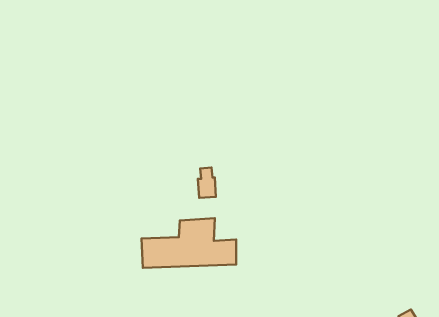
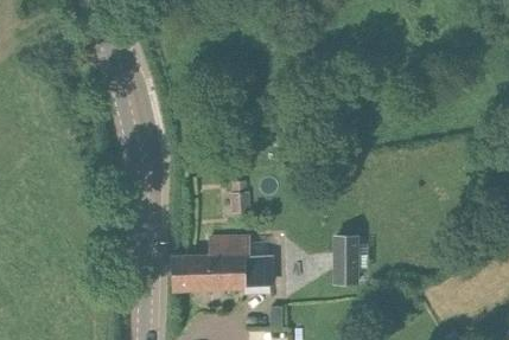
building: none -> [332,237,358,284]

